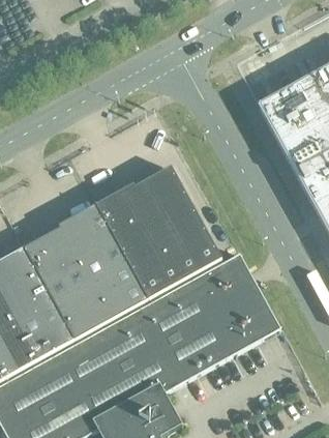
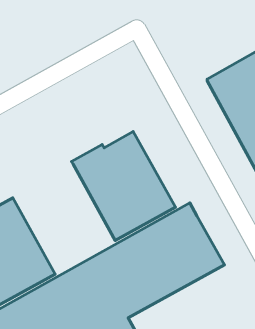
building: [27,202,150,338] -> none

